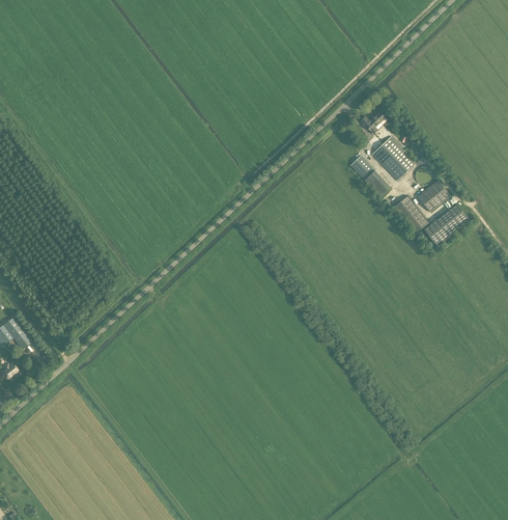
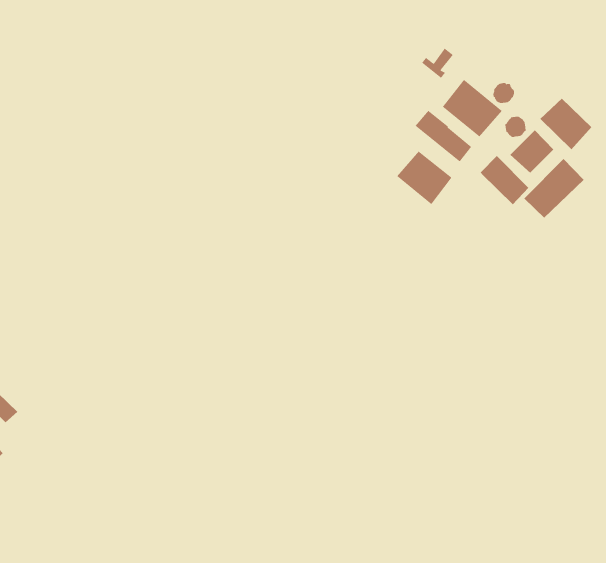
building: none -> [539,98,592,150]
building: none -> [396,151,452,205]

